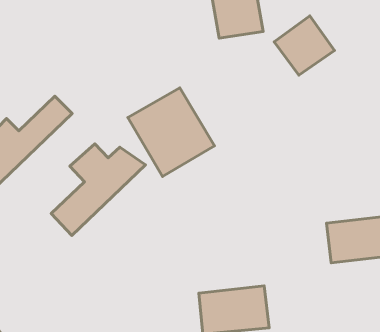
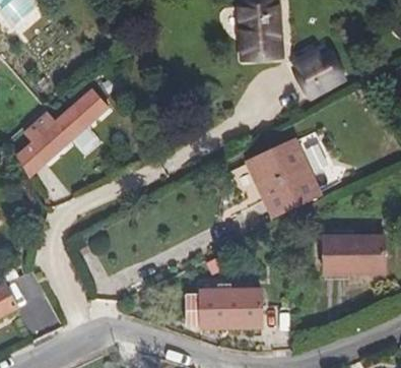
building: [128,88,214,177] -> [246,138,322,218]
building: [51,144,145,235] -> none

